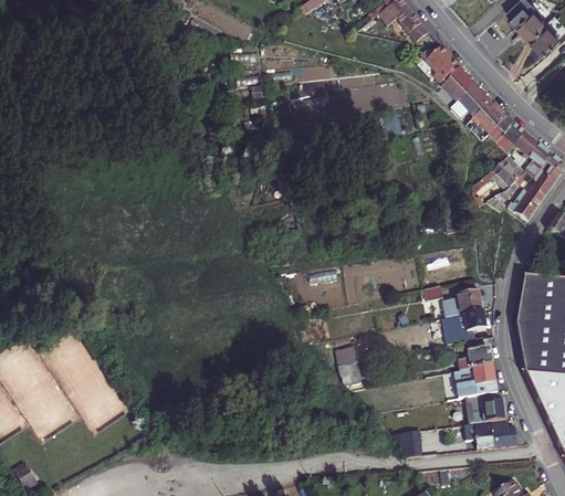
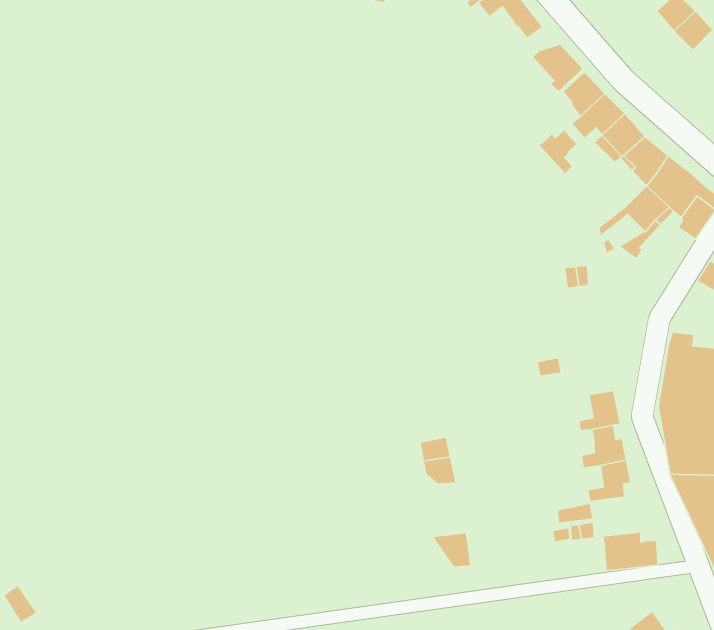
building: none -> [539,130,577,174]
building: [508,187,545,221] -> none
building: [442,289,482,319] -> none
building: [480,391,505,422] -> none
building: [391,431,421,457] -> [432,533,471,567]

